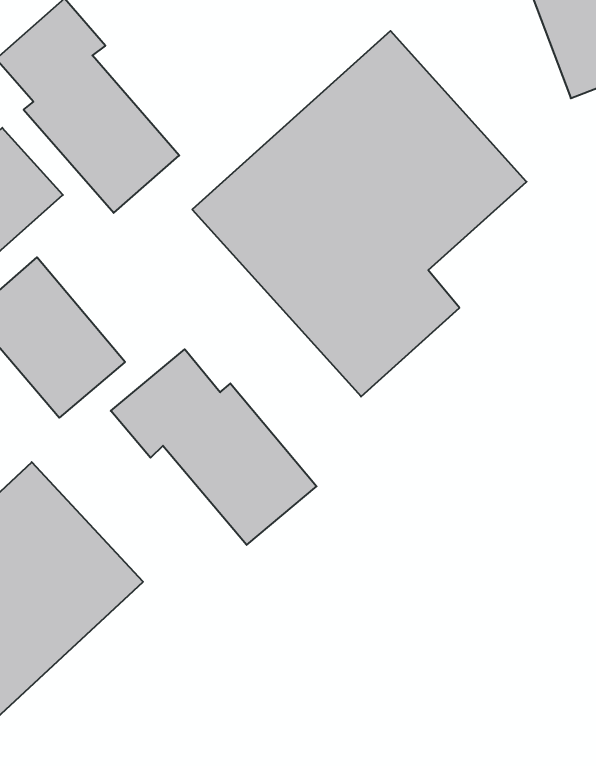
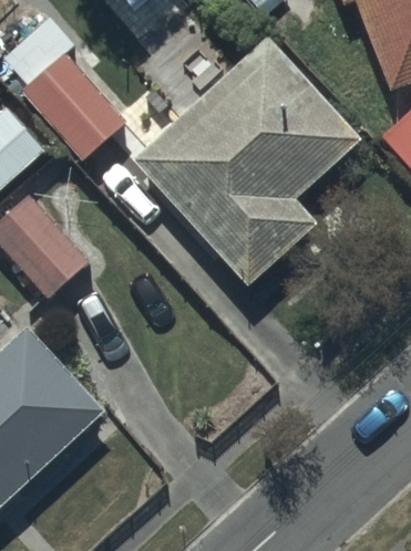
building: [111,349,317,545] -> none

